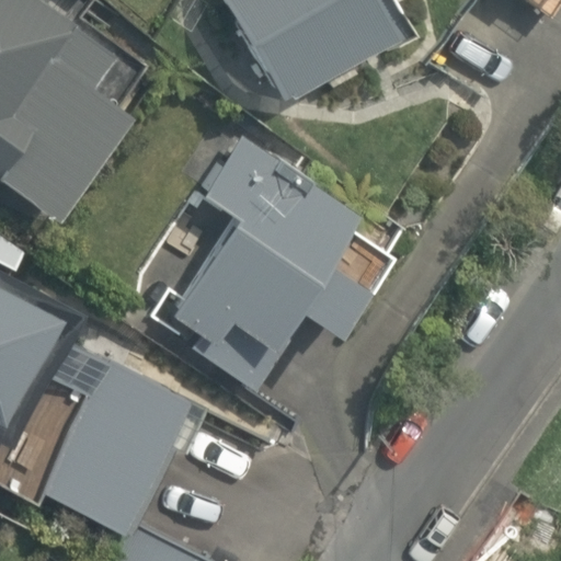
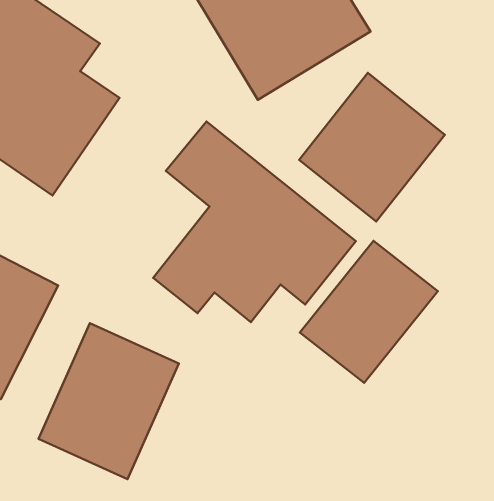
building: none -> [299,73,445,222]
building: none -> [300,241,438,383]

